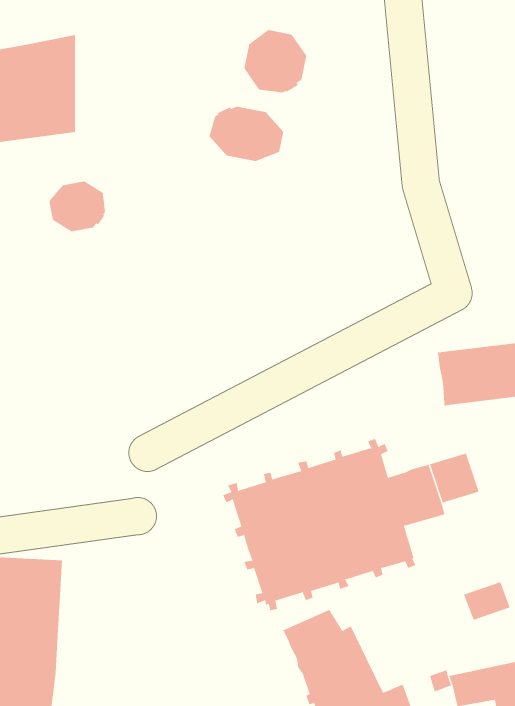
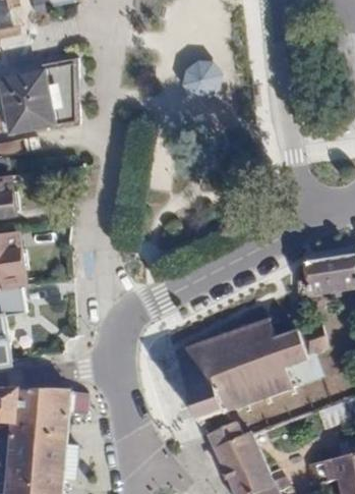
building: [209,106,284,162] -> none
building: [49,181,106,232] -> none

